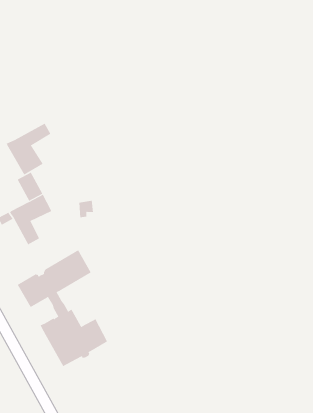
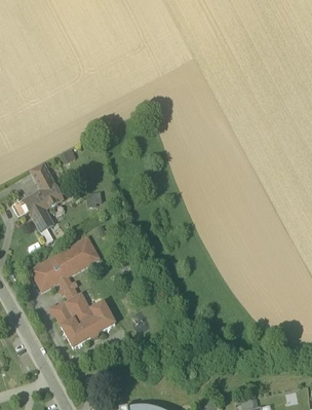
building: [6,123,51,176] -> none

